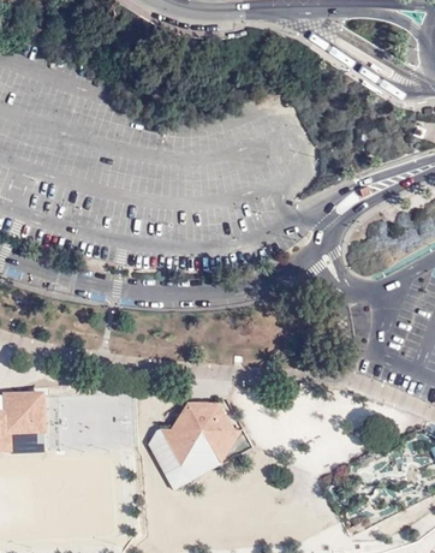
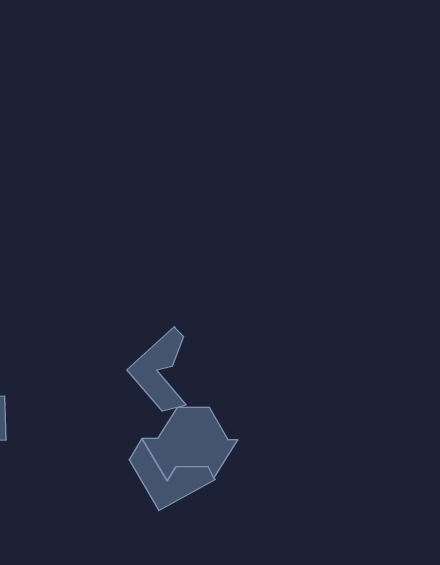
building: none -> [127,327,186,411]

